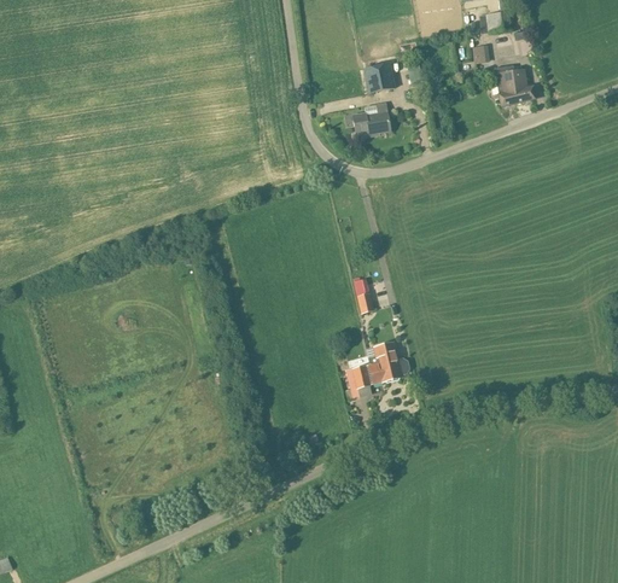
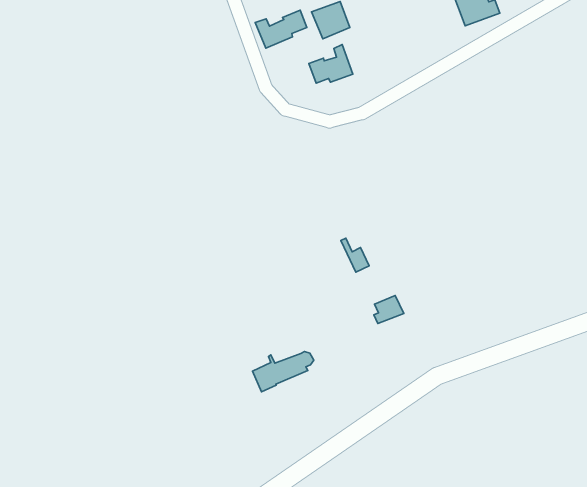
building: none -> [255,10,307,48]
building: [351,355,409,387] -> [253,351,314,392]

